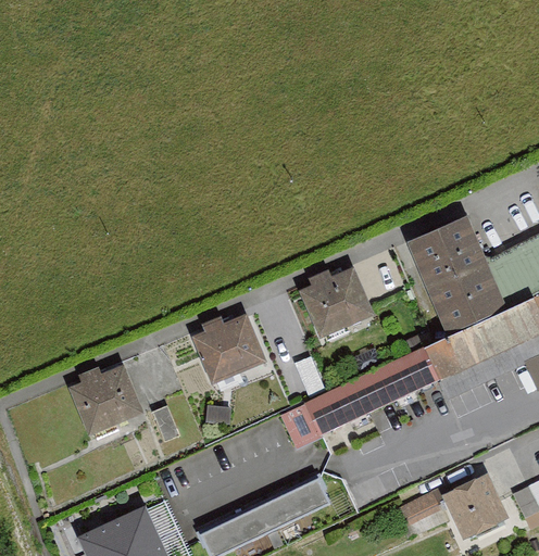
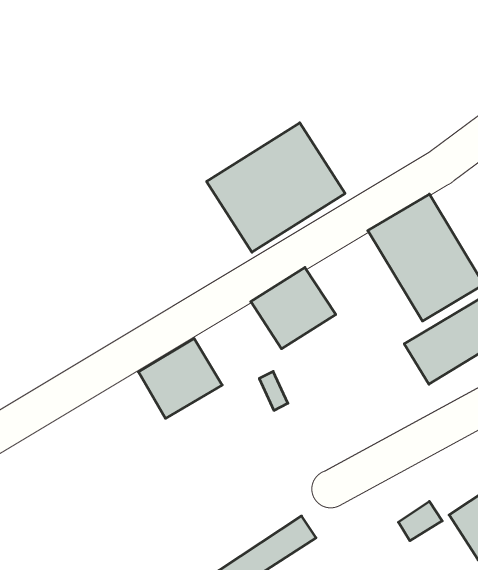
building: none -> [207,123,345,252]
building: [303,345,437,432] -> none
building: [73,369,142,433] -> none

